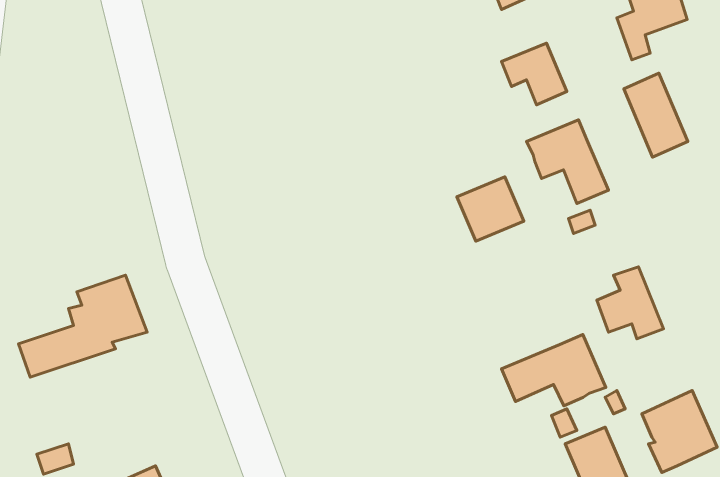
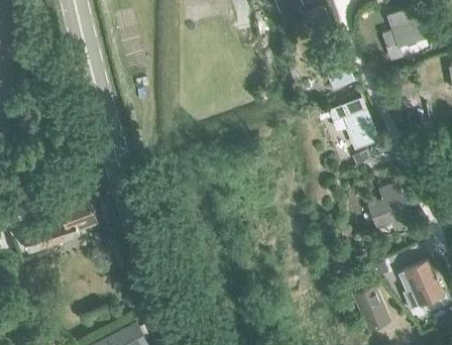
building: [624,73,688,157] -> none
building: [457,177,524,241] -> none
building: [502,334,606,406] -> none

